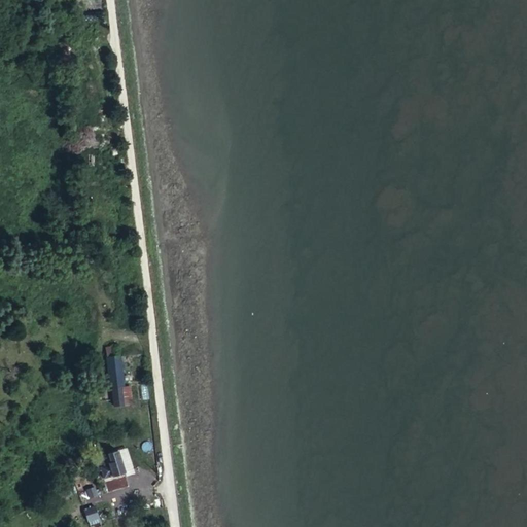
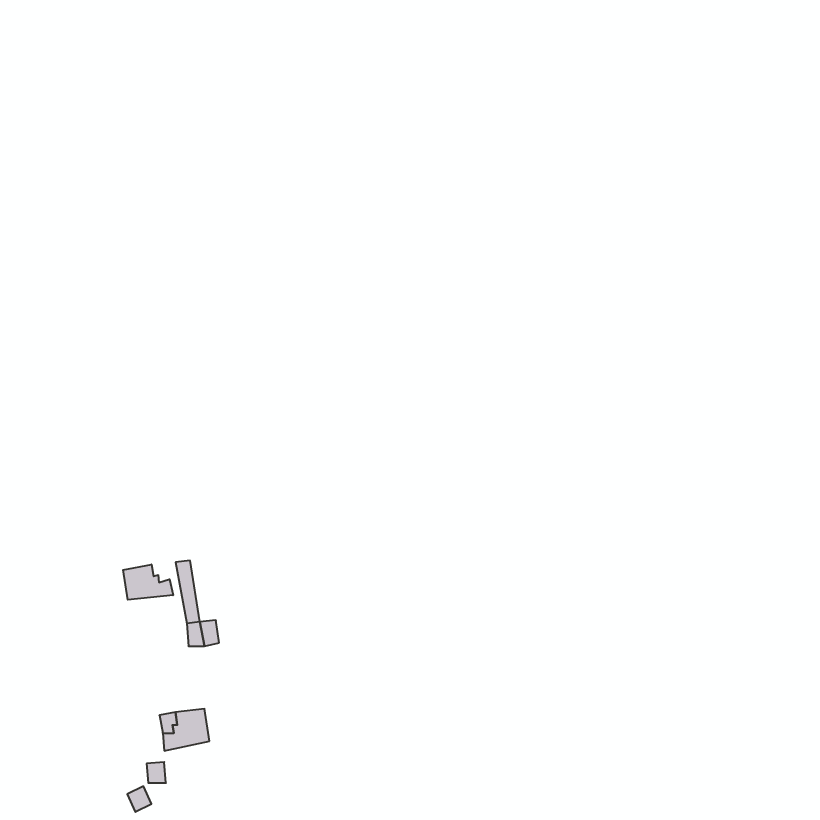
building: none -> [123,564,173,600]

